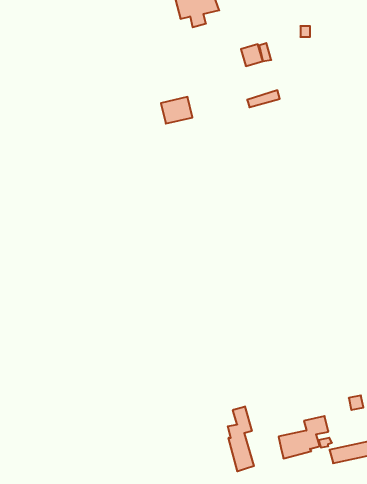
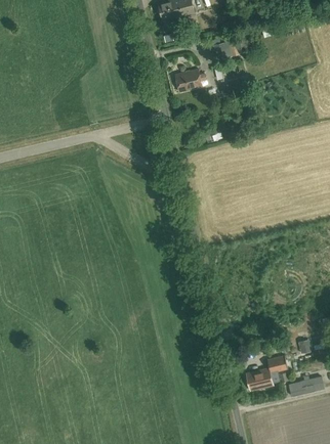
building: [161,97,192,124] -> [175,69,202,91]
building: [228,406,254,471] -> none

